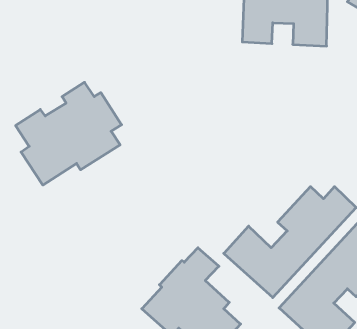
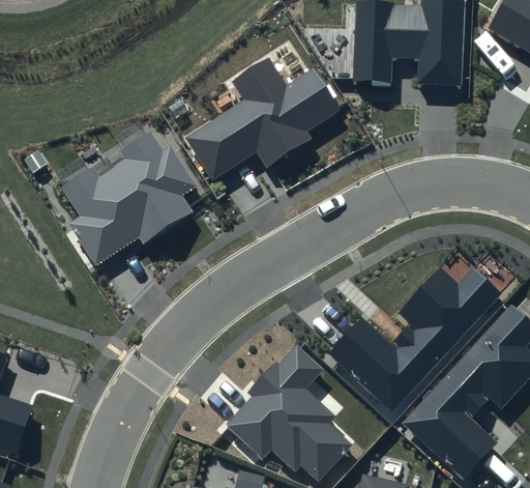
building: none -> [184,56,342,180]

